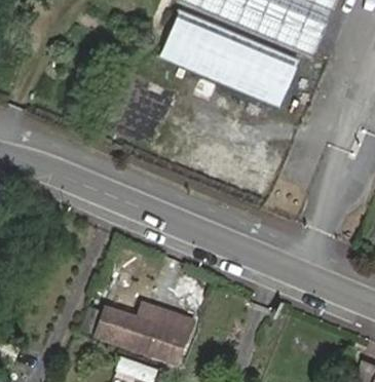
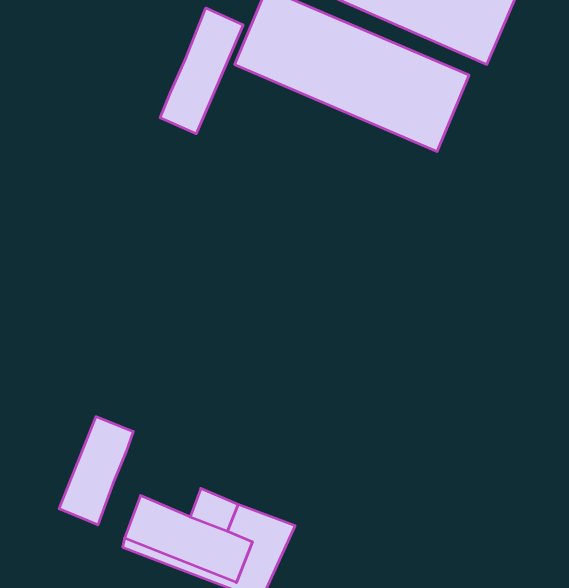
building: none -> [160,8,243,134]
building: none -> [59,417,133,525]

